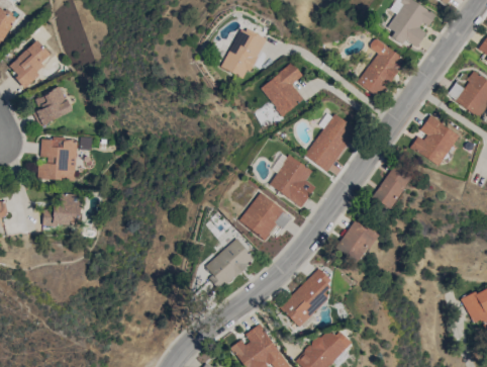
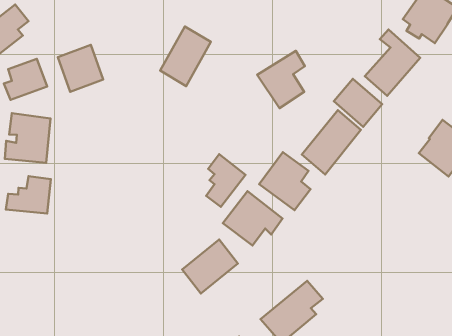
building: [221,26,265,80] -> [160,26,211,86]
building: none -> [58,45,103,92]
building: none -> [334,79,382,127]
building: none -> [206,154,246,207]
building: [372,164,413,209] -> none
building: [335,220,376,264] -> none

